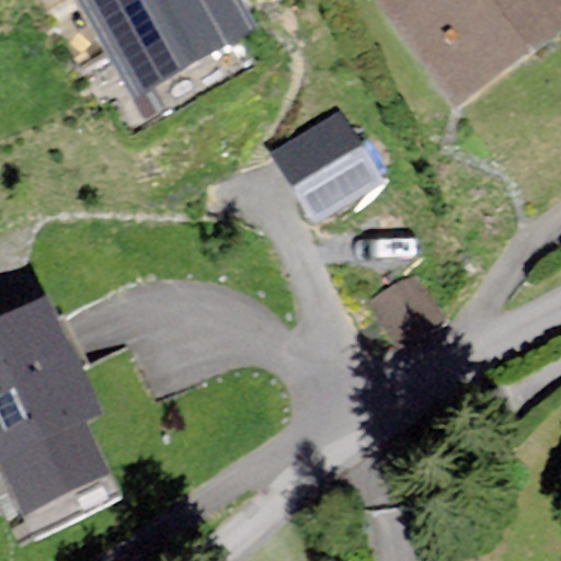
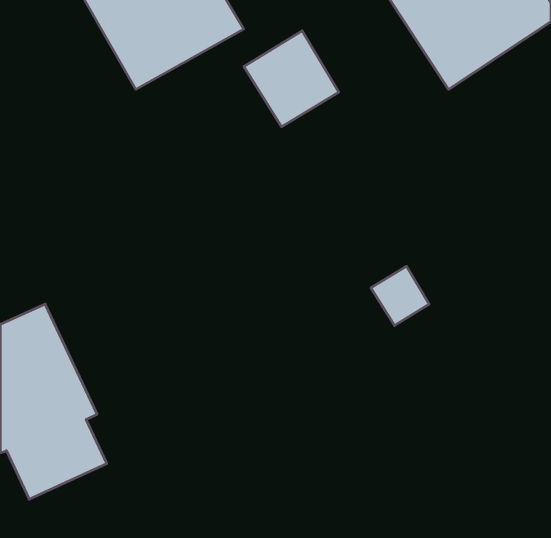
building: [278,115,375,213] -> [244,31,339,127]

